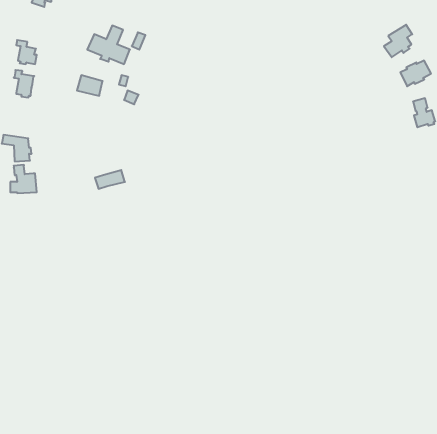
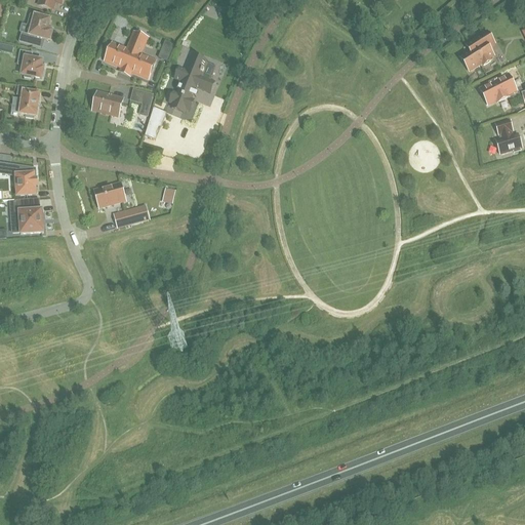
building: none -> [19,11,53,43]
building: none -> [170,55,213,112]
building: none -> [95,181,125,206]

